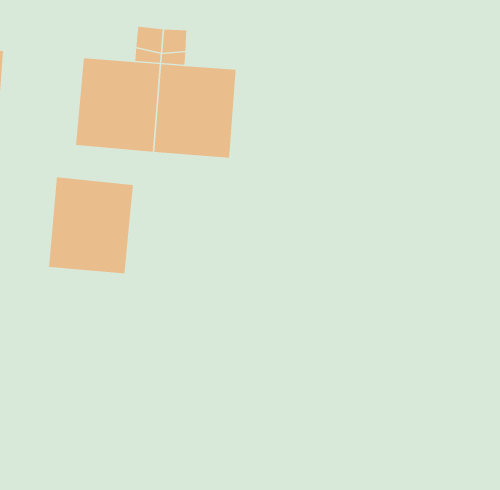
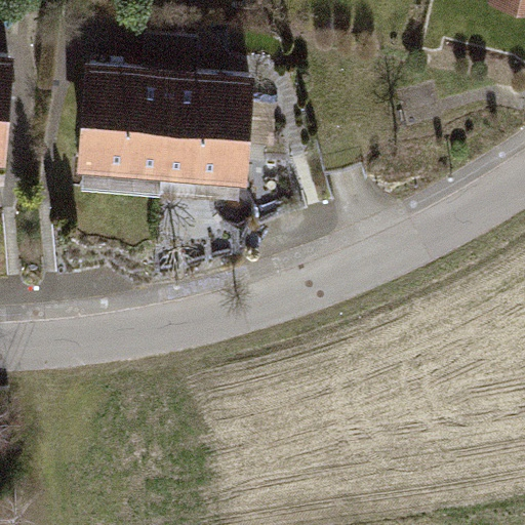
building: [48,176,134,274] -> none

